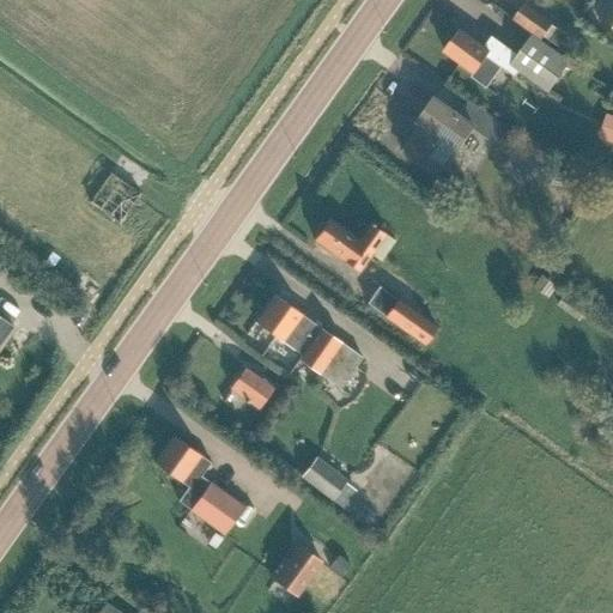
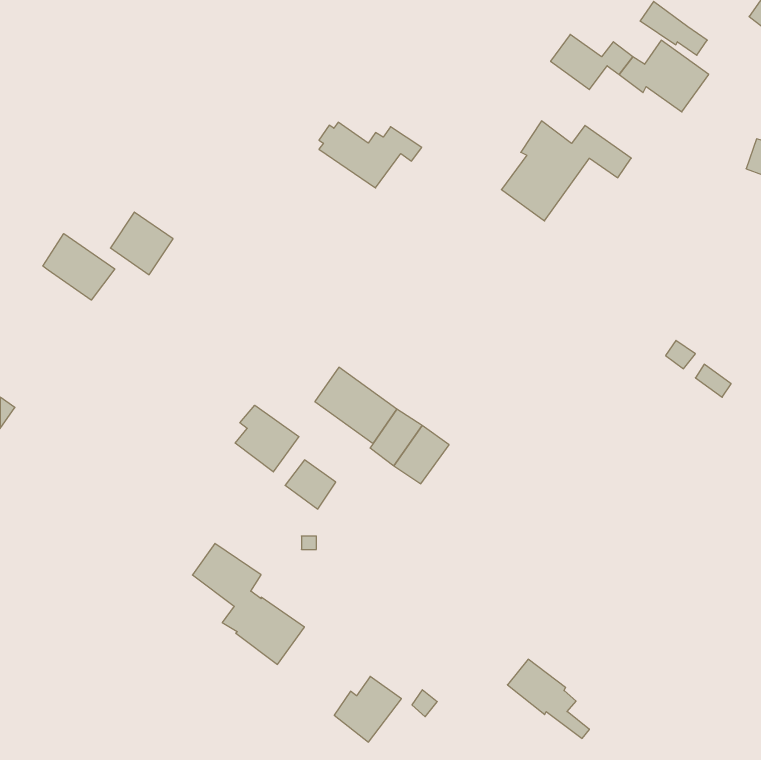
building: none -> [43,234,115,300]
building: [314,219,396,272] -> [319,122,422,188]
building: [368,287,437,344] -> none
building: none -> [235,405,299,472]
building: [301,455,366,518] -> [507,659,589,738]

